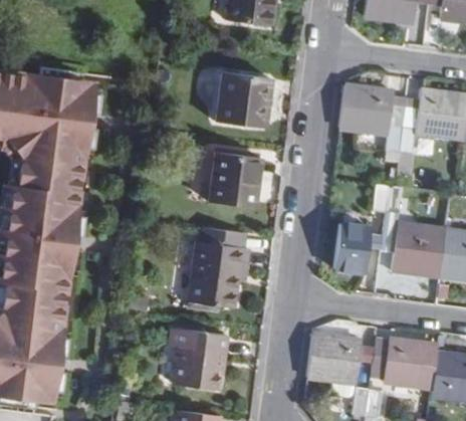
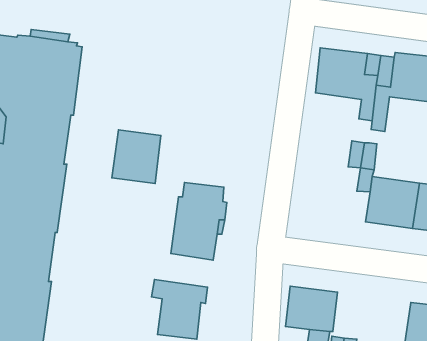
building: [215,73,268,128] -> none
building: [208,151,259,207] -> [112,130,161,184]
building: [337,223,371,271] -> none
building: [372,337,440,387] -> none

